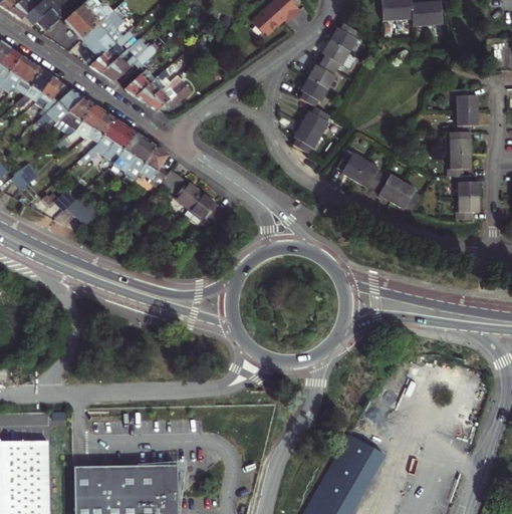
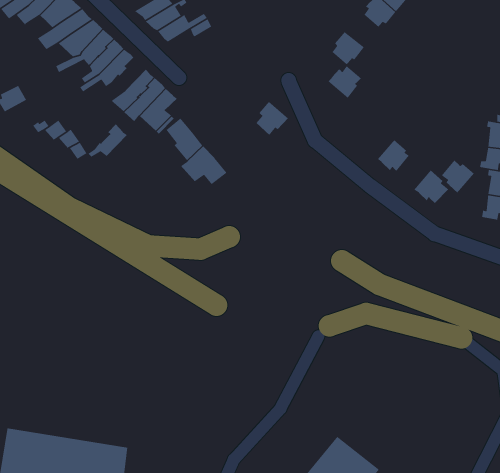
building: [307,57,336,85] -> none
building: [292,120,320,151] -> [256,101,289,136]
building: [108,128,141,162] -> [88,124,128,158]
building: [336,151,366,181] -> none
building: [373,173,403,202] -> [441,159,475,193]

